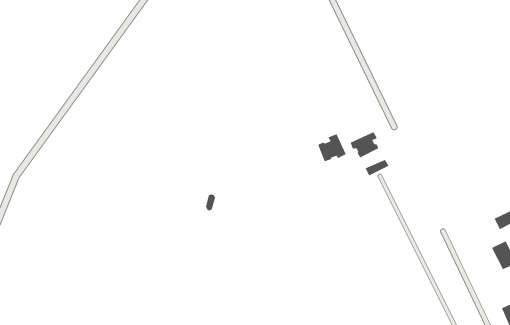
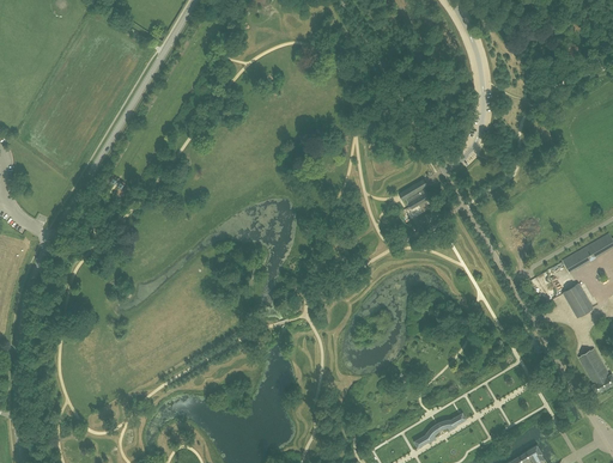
building: [316,133,347,162] -> none

